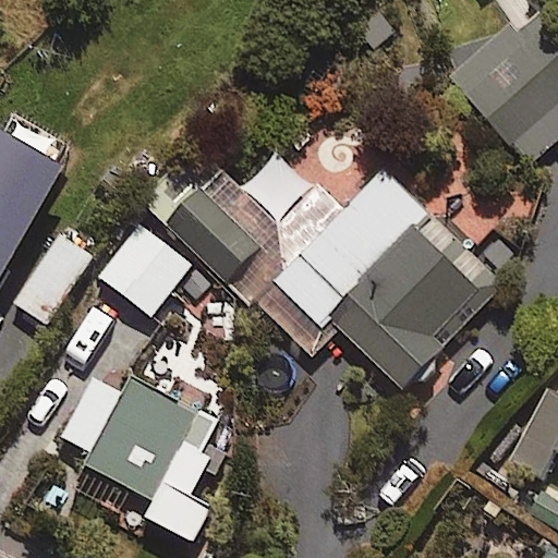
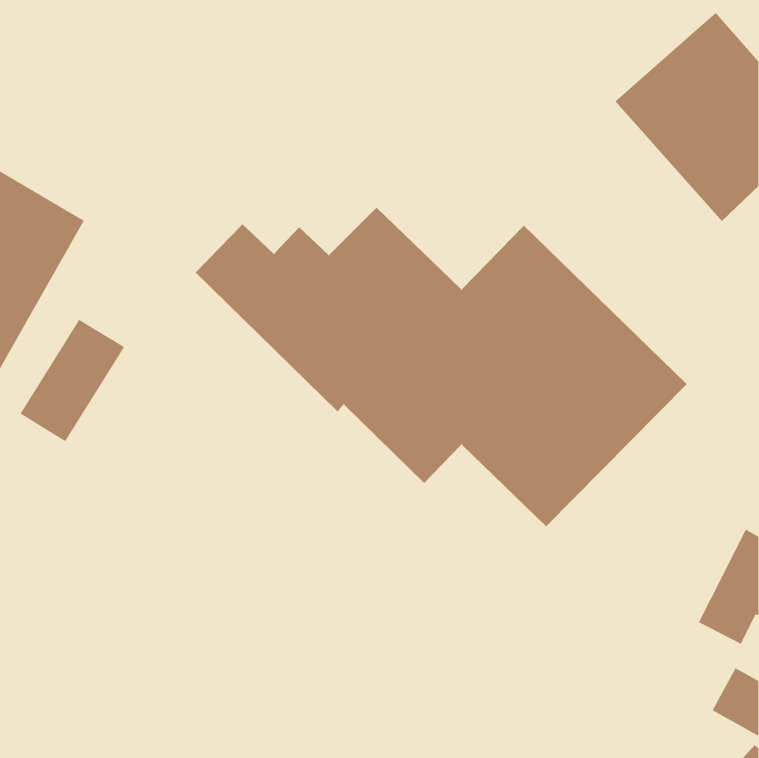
building: [99,223,214,317] -> none
building: [59,376,228,542] -> none

